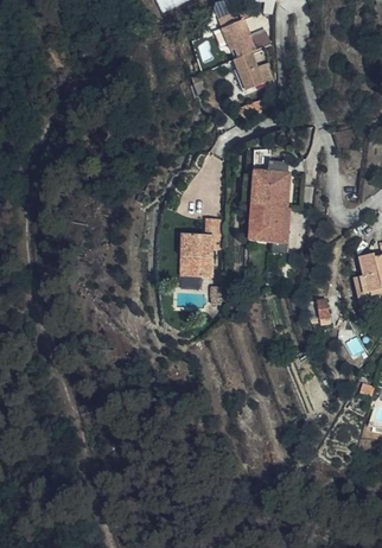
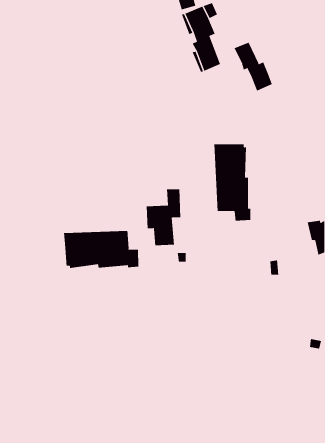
building: none -> [234,42,272,91]
building: none -> [64,230,139,269]

